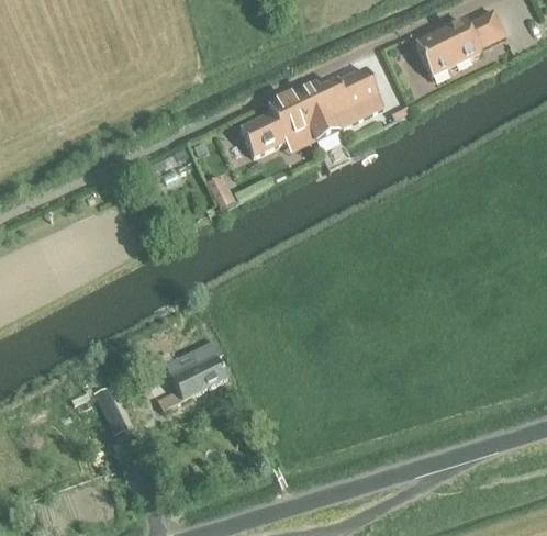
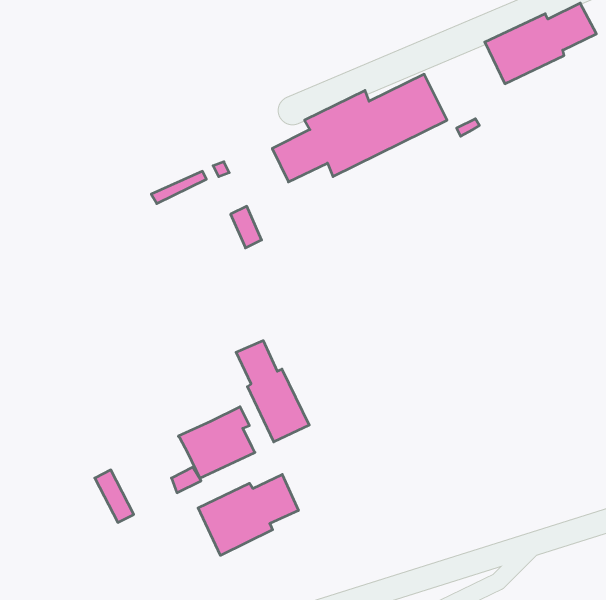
building: none -> [236,341,309,442]
building: none -> [198,474,298,555]

